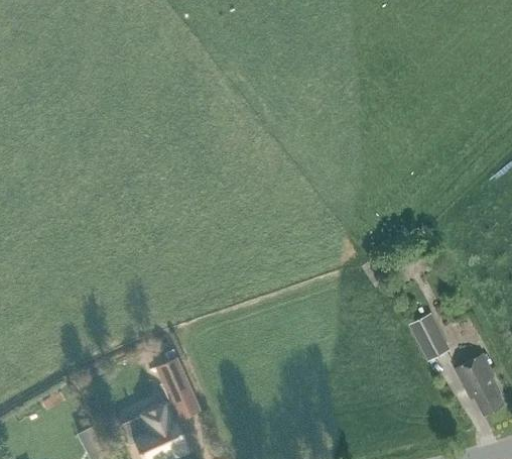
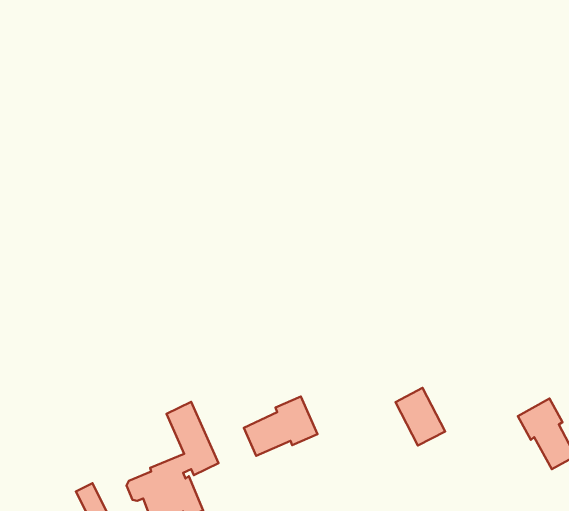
building: [408,312,451,361] -> [396,388,445,446]
building: none -> [244,396,317,456]

